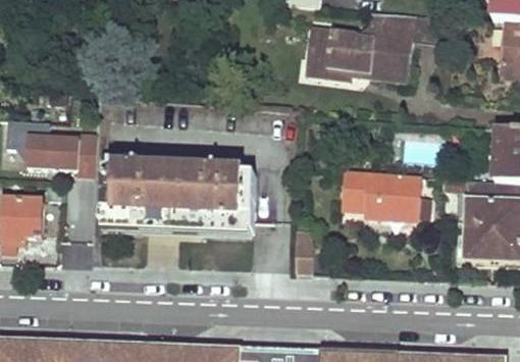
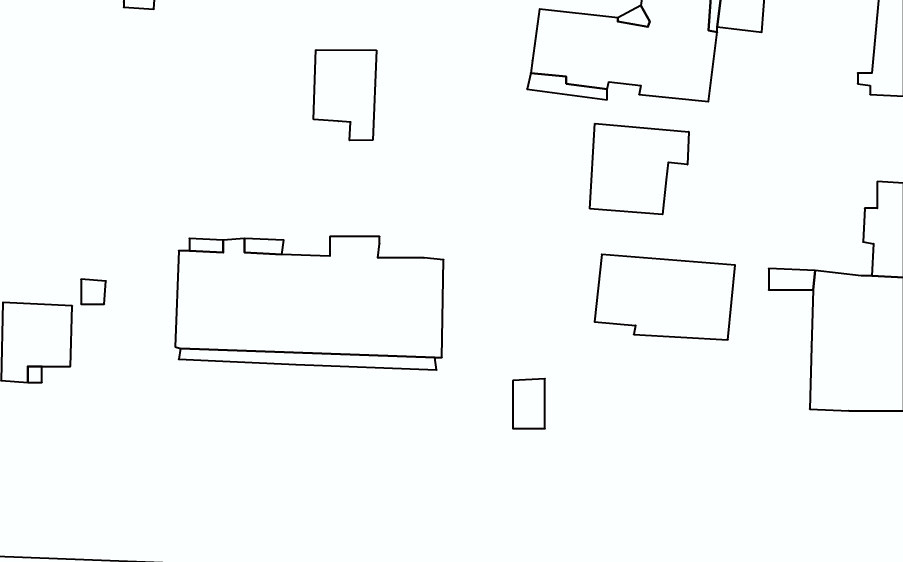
building: none -> [314,50,376,140]
building: none -> [590,124,689,214]
building: [7,118,98,174] -> none

